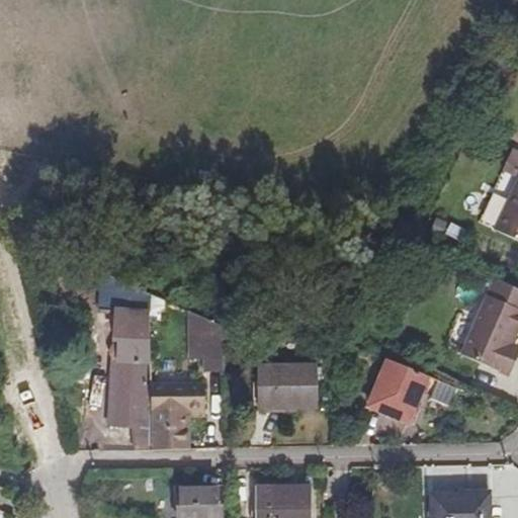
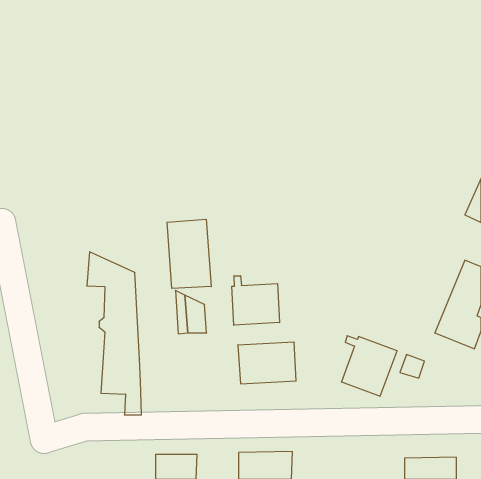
building: none -> [167,219,211,288]
building: none -> [232,276,280,325]
building: [150,385,201,444] -> none

